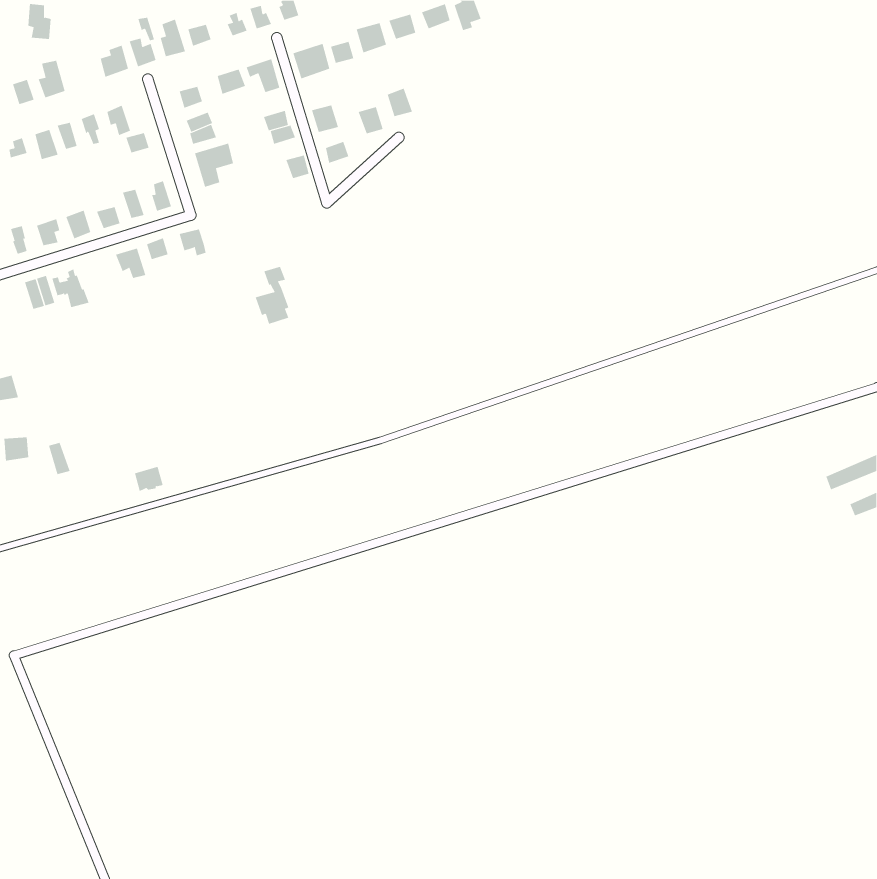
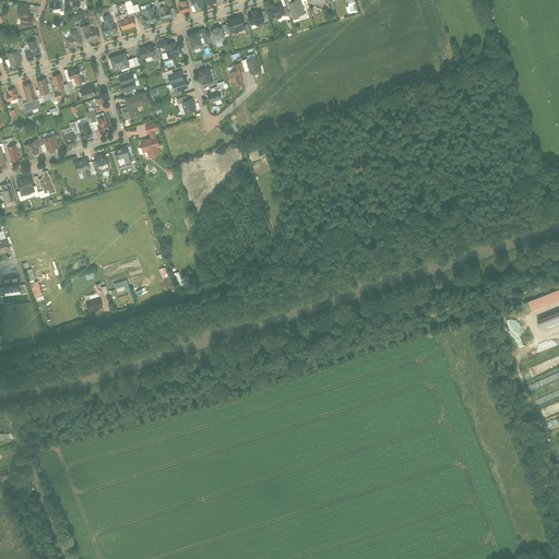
building: [255,266,289,325] -> [139,120,160,157]

